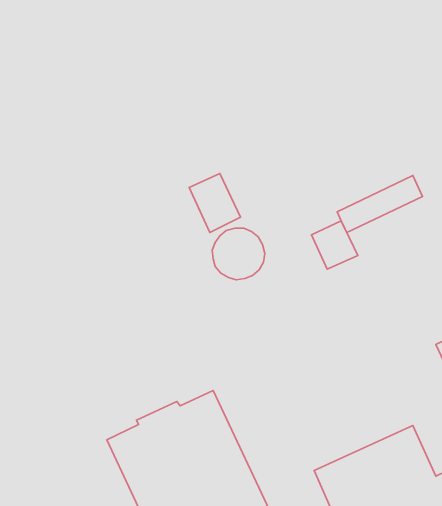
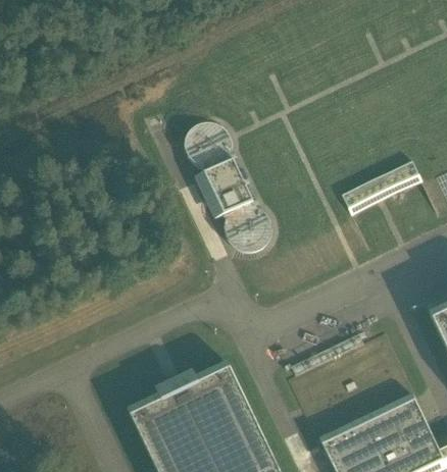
building: none -> [183,125,232,173]
building: [311,221,358,269] -> none

